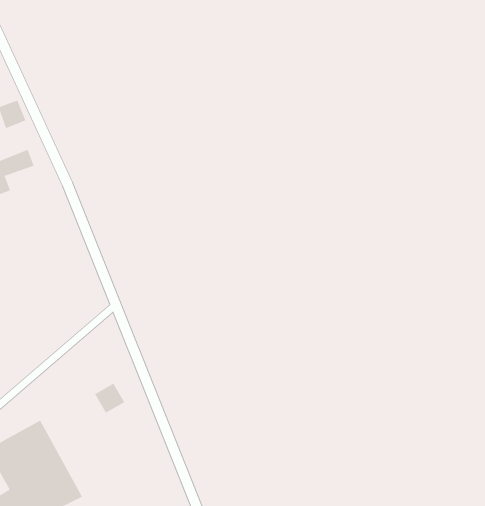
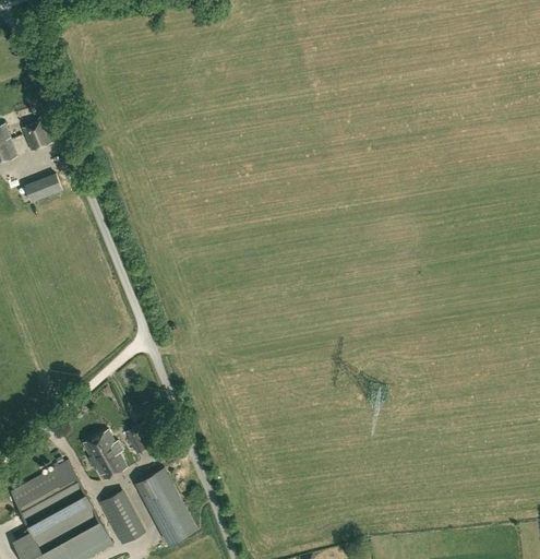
building: none -> [83,429,128,479]
building: none -> [134,468,194,545]
building: none -> [99,489,146,545]

